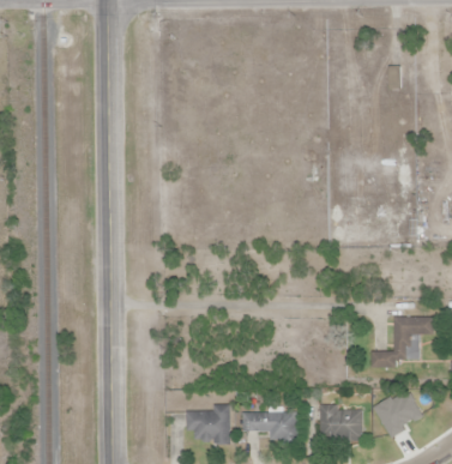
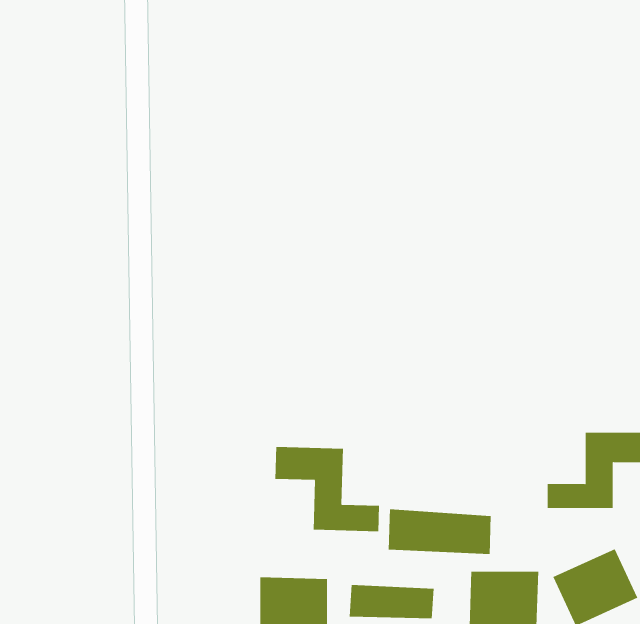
building: none -> [275,446,380,532]
building: none -> [388,509,491,555]

